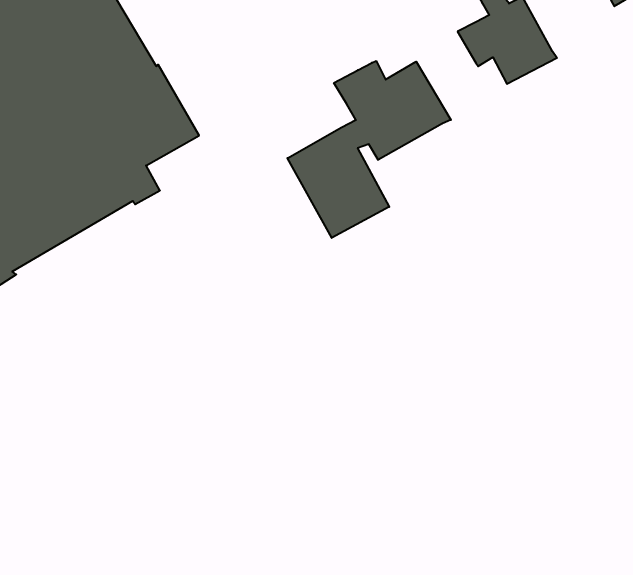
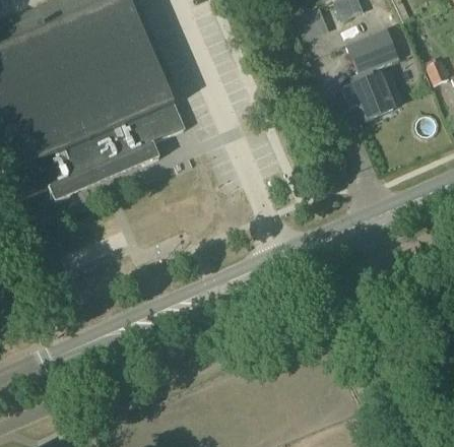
building: [287,61,451,238] -> none

